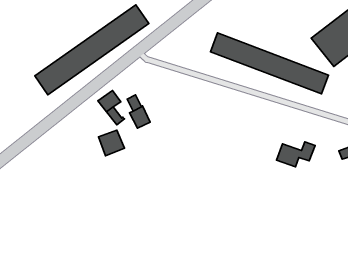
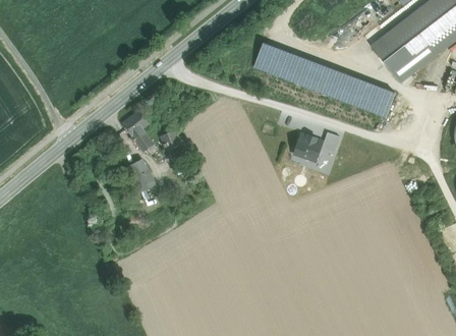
building: [35,5,149,95] -> none
building: [276,142,315,167] -> [294,132,340,162]

